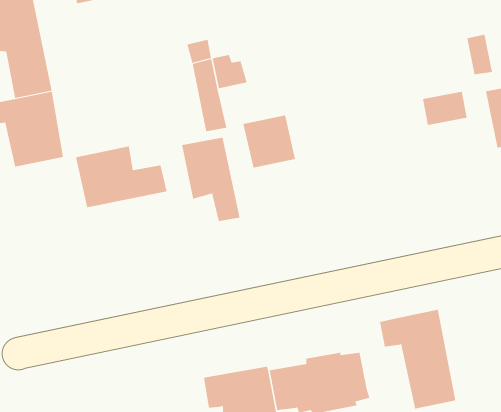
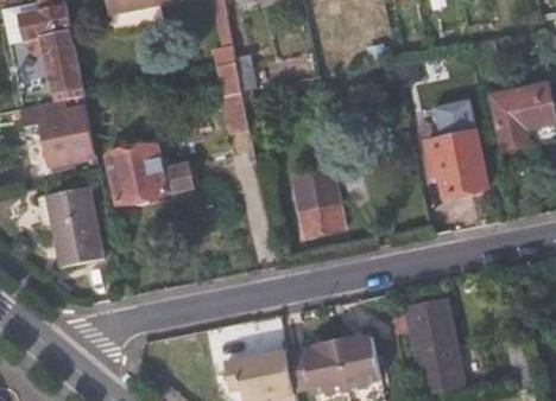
building: [243,115,296,168] -> [295,185,345,235]
building: none -> [424,131,487,196]
building: [181,137,240,222] -> none
building: none -> [46,185,103,266]

